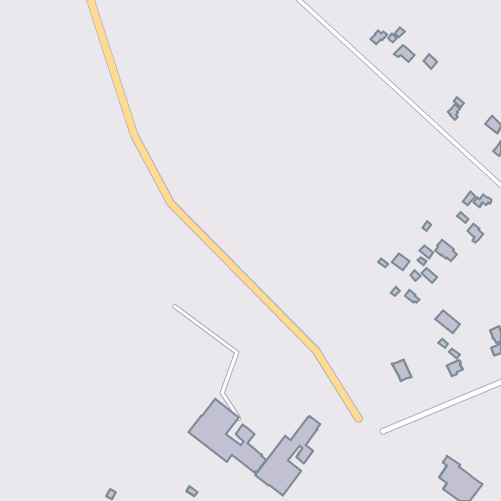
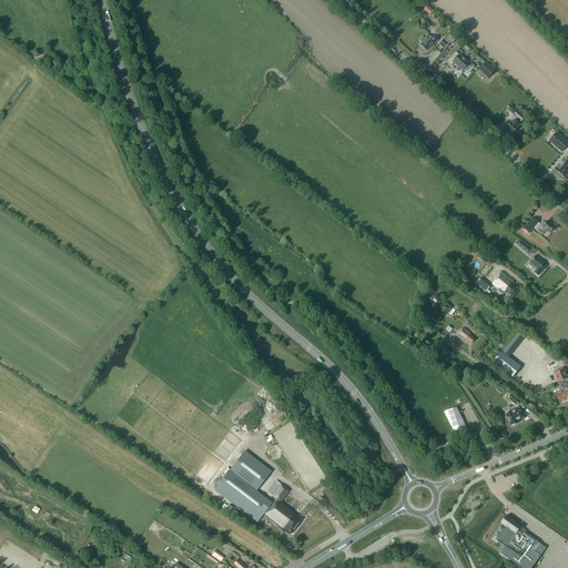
building: [255,416,320,495] -> none

